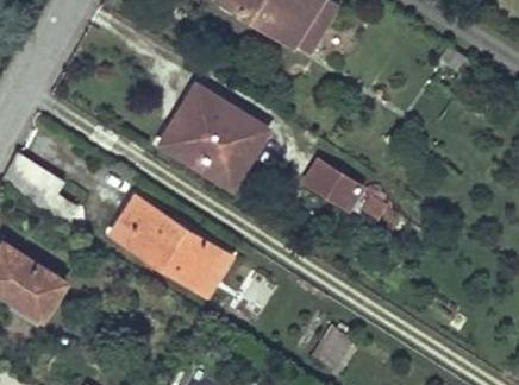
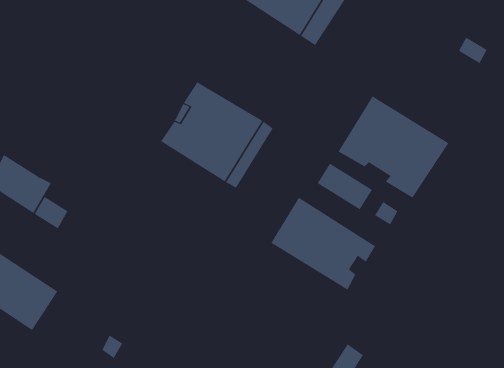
building: none -> [338,95,449,198]
building: none -> [270,197,376,291]
building: [111,197,229,295] -> none

